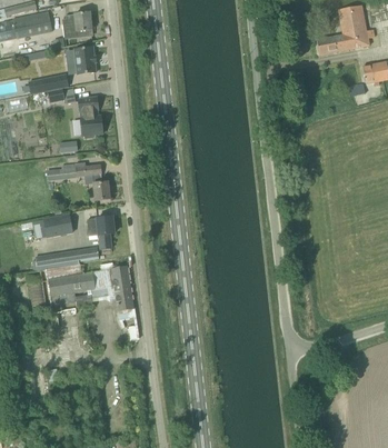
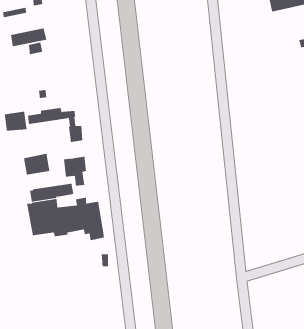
building: [73,47,96,73] -> none
building: [78,97,102,137] -> none
building: none -> [4,111,27,132]

